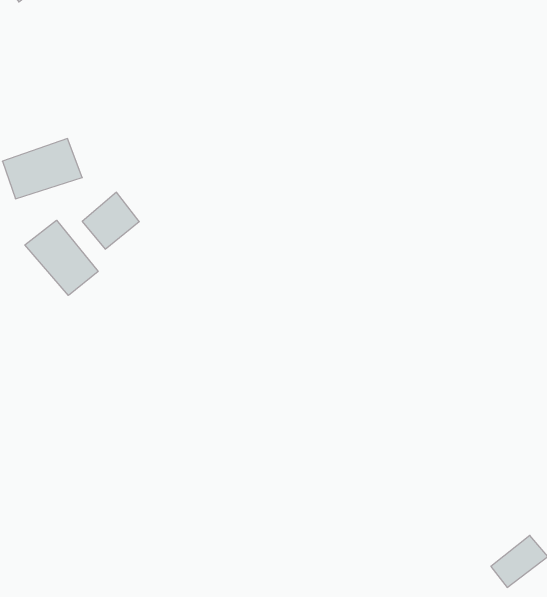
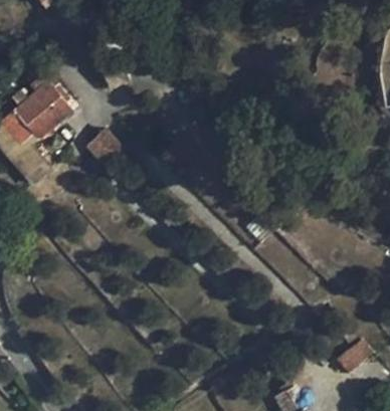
building: [25,220,98,295] -> none

